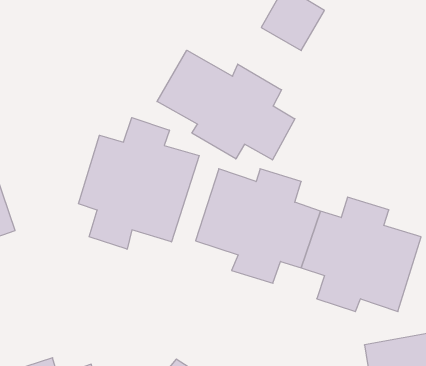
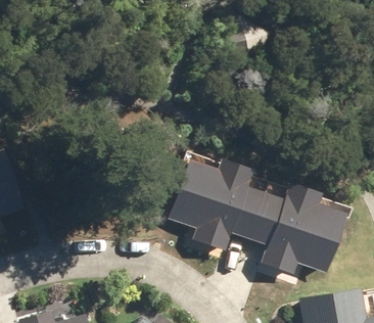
building: [157,50,295,160] -> none
building: [78,118,199,249] -> none

